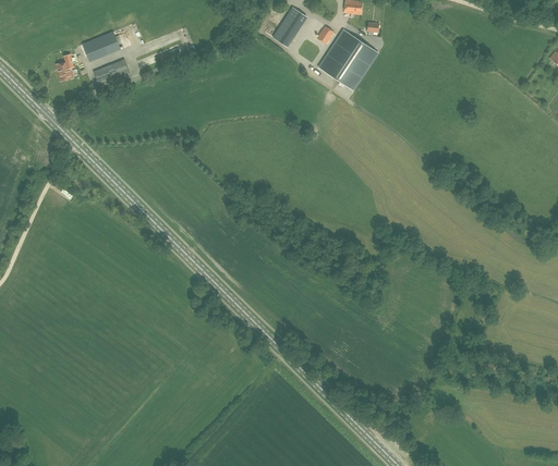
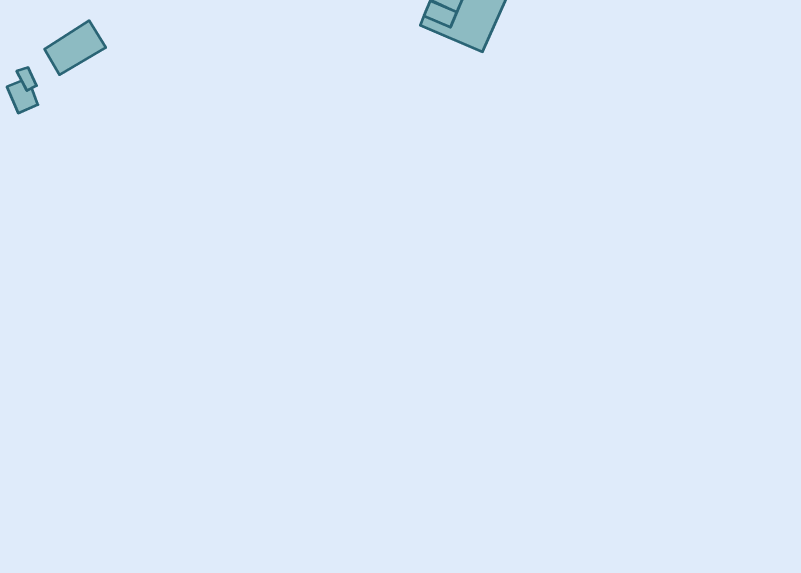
building: [93,59,131,88] -> none

